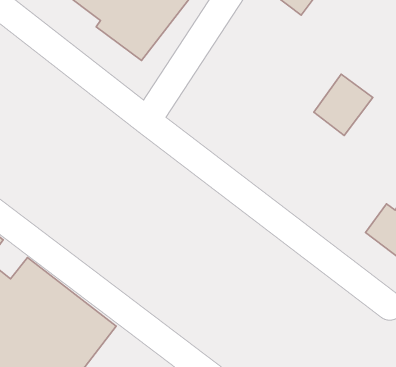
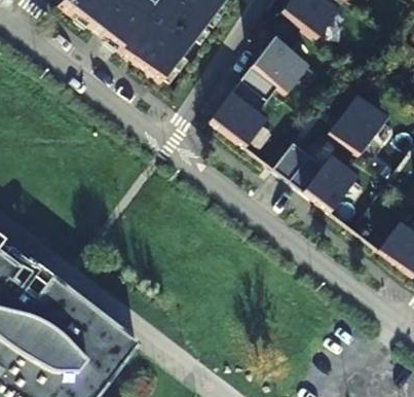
building: none -> [212,37,309,145]
building: none -> [275,140,359,211]

